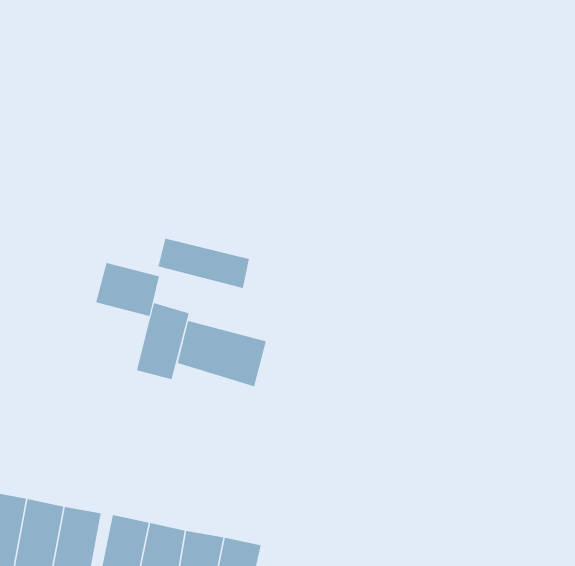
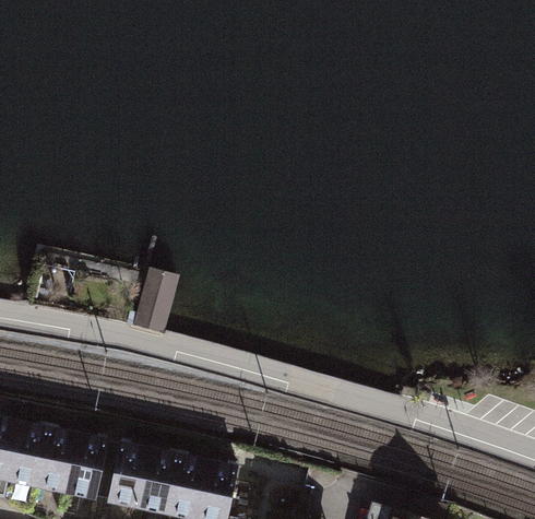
building: [158,238,250,289] -> none
building: [96,262,160,317] -> none
building: [177,320,267,387] -> none

